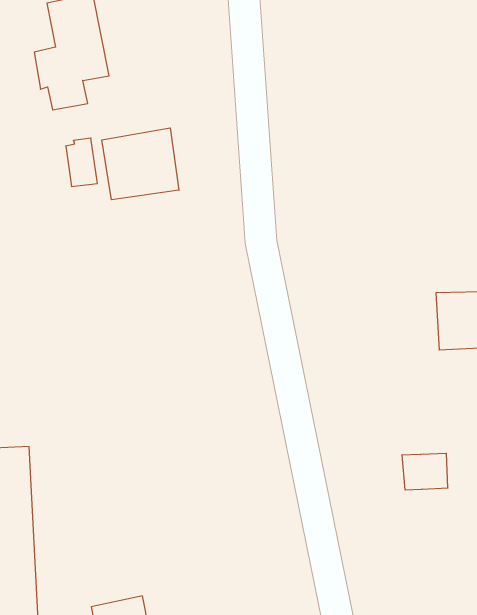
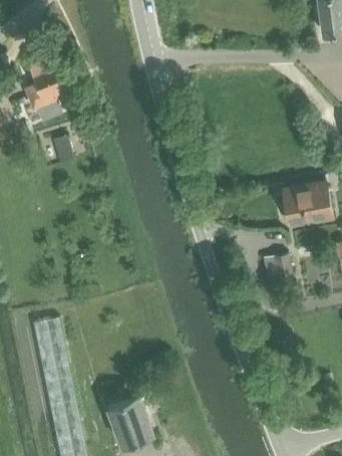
building: [102,128,179,200] -> none
building: [402,453,448,490] -> [262,253,292,278]

